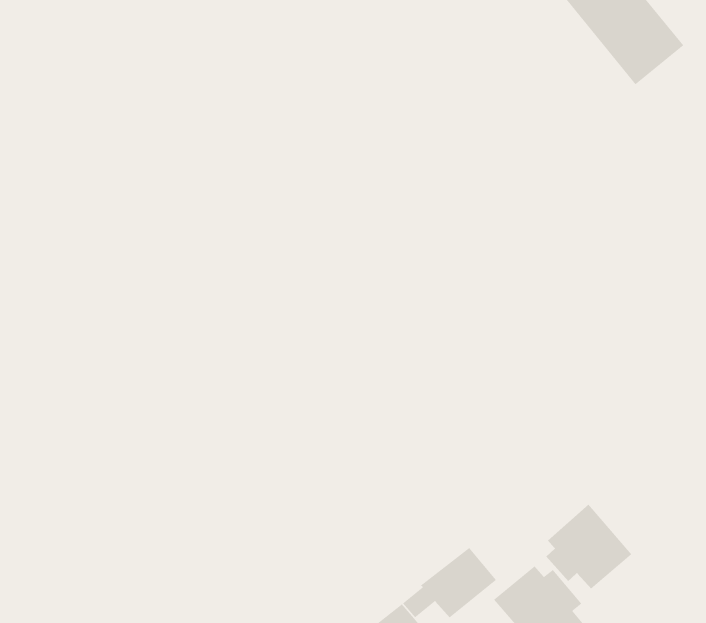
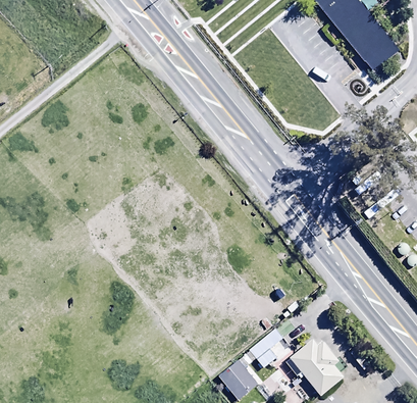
building: [546,504,632,590] -> none

